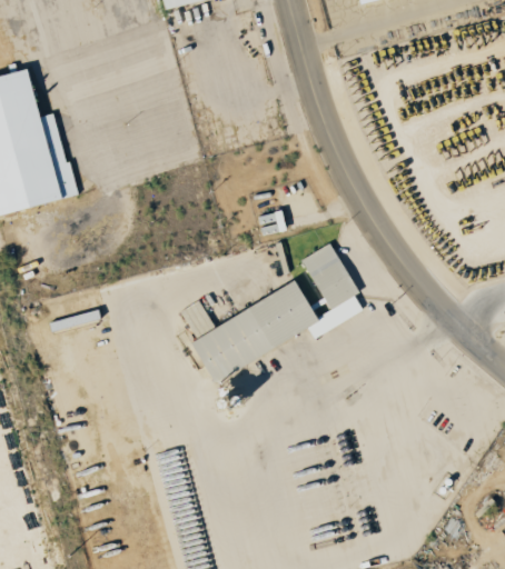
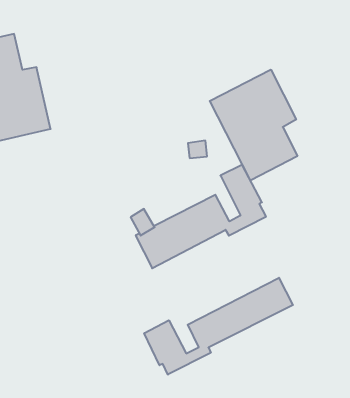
building: none -> [210,70,297,180]
building: none -> [144,278,293,375]

